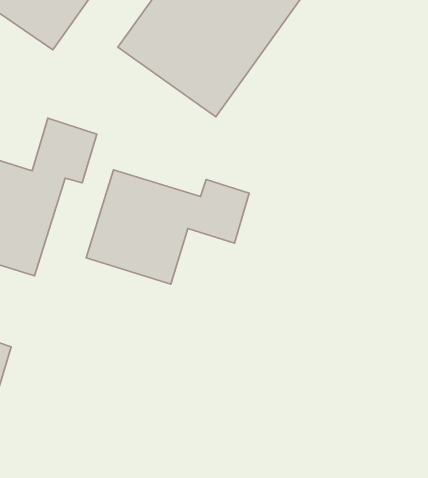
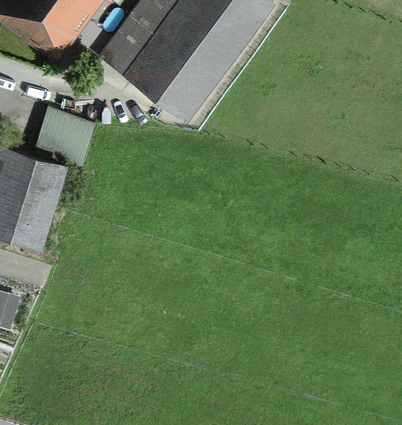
building: [86,170,249,284] -> none

